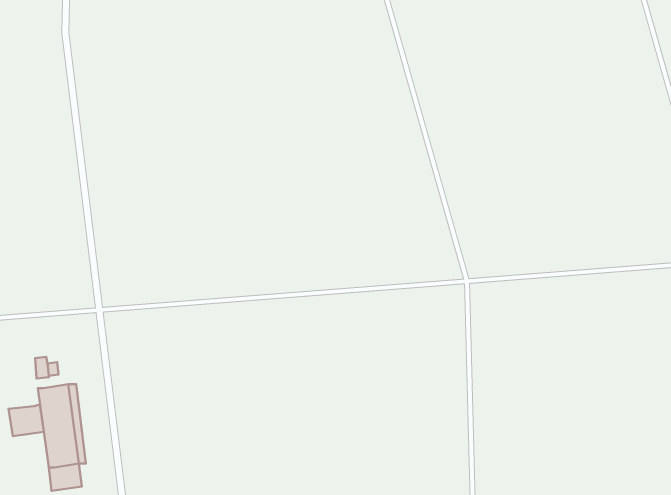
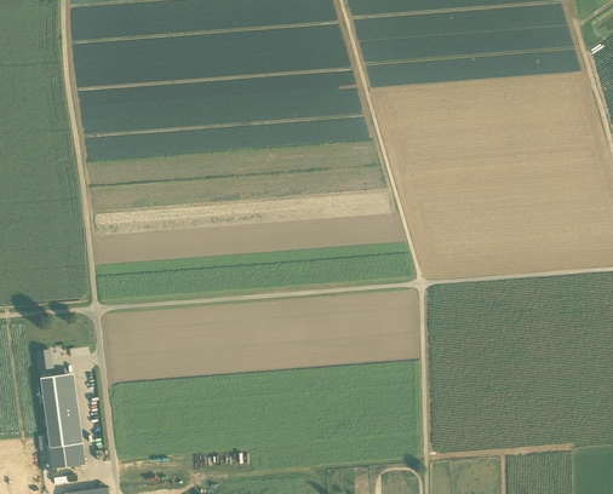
building: [9,405,44,436] -> none

